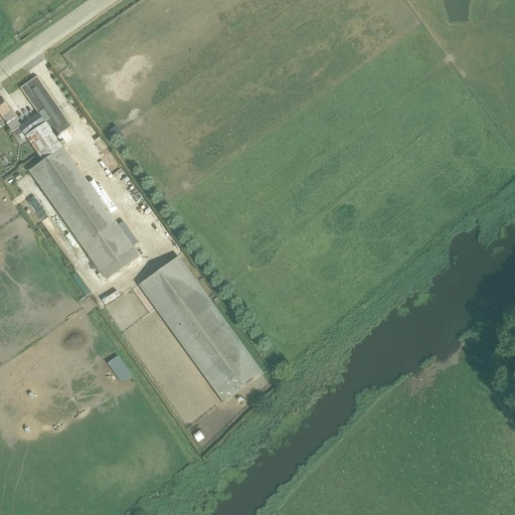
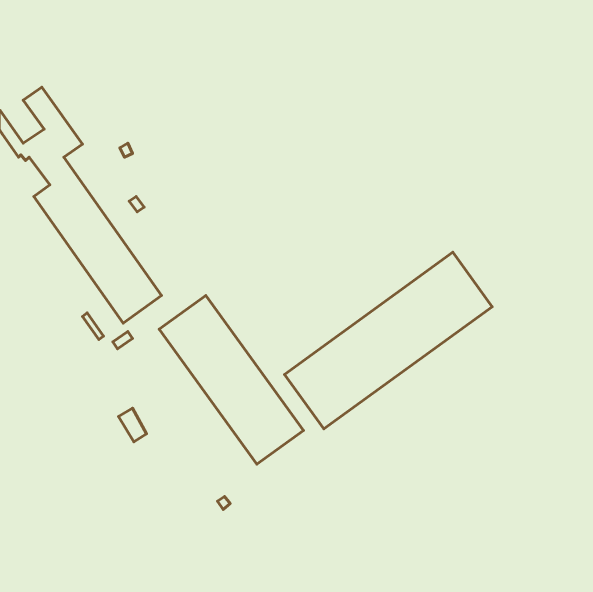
building: none -> [284,252,492,429]

